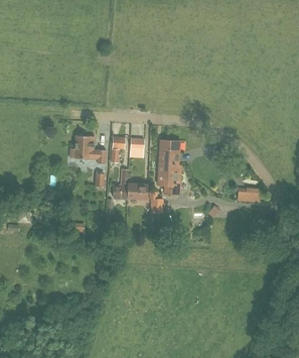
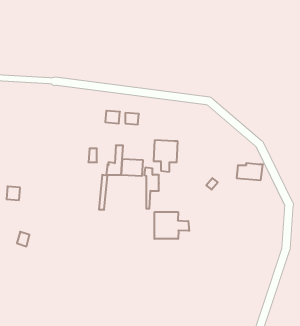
building: [73,133,105,162] -> none
building: [158,139,178,165] -> none
building: none -> [154,212,189,239]

